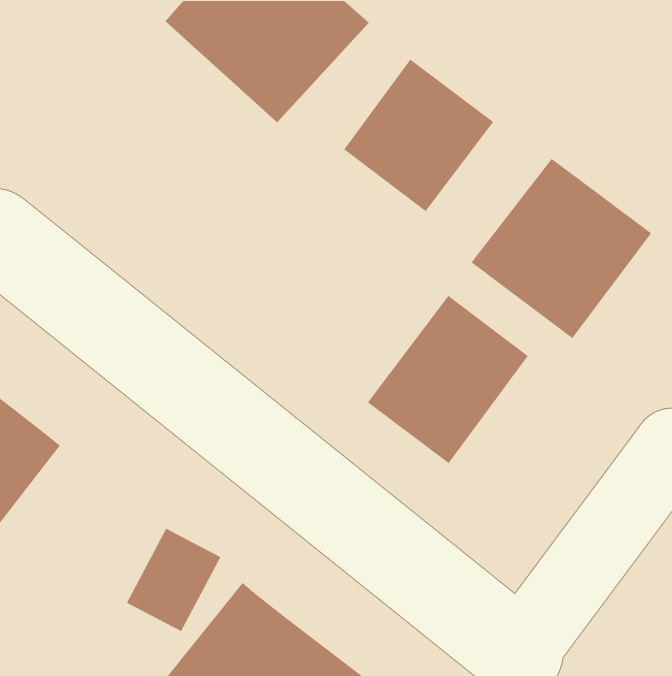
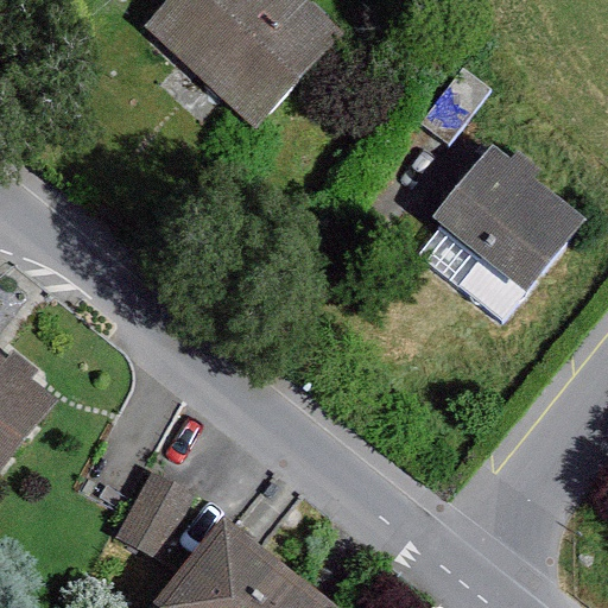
building: [343,58,494,212] -> none
building: [367,295,529,464] -> none

